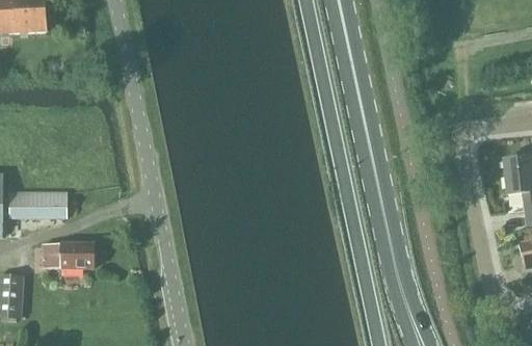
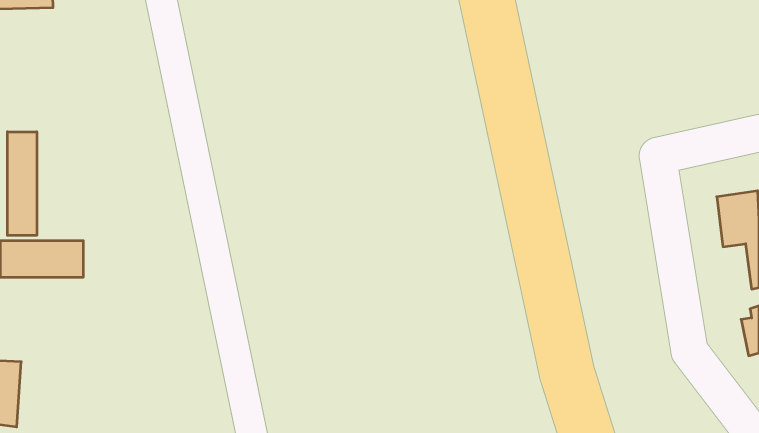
building: none -> [7,132,37,235]
building: [44,243,94,268] -> none

